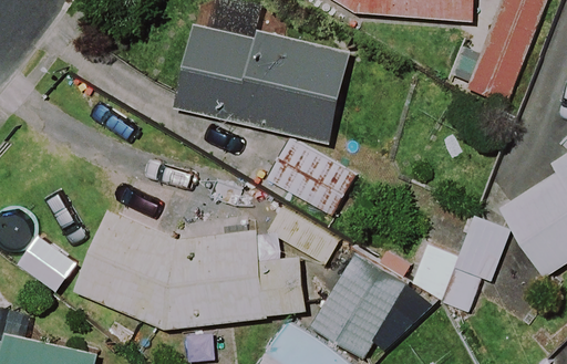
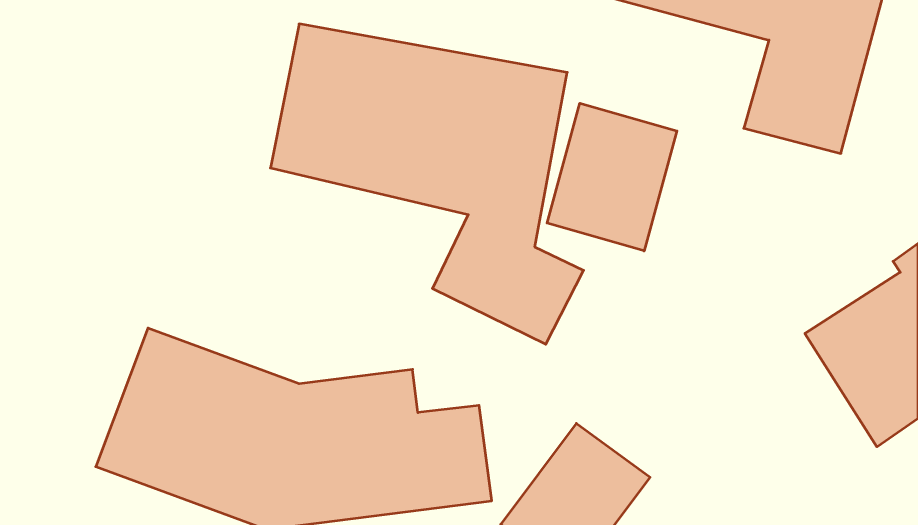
building: none -> [547,103,677,251]
building: [409,216,511,315] -> none

